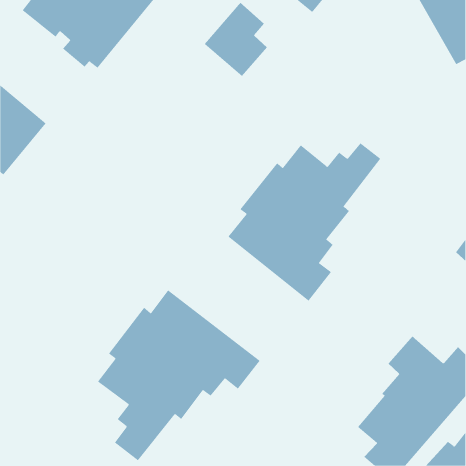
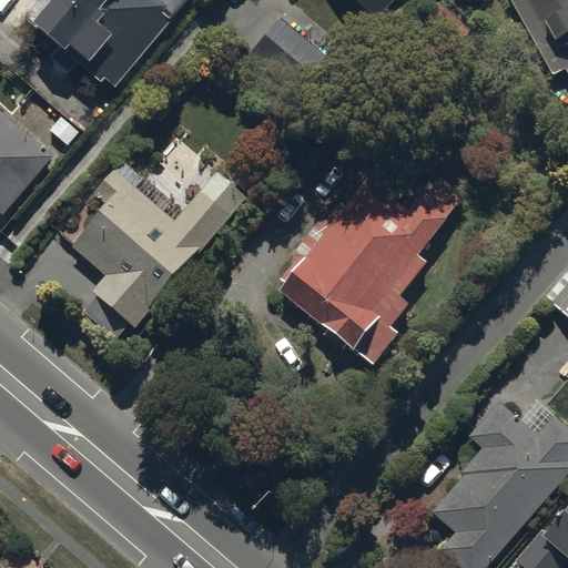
building: none -> [72,158,248,325]
building: [97,290,261,461] -> none

